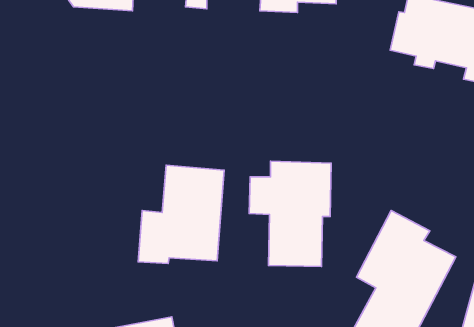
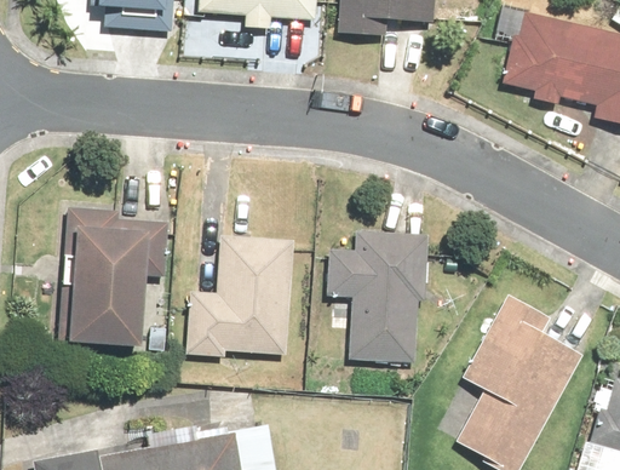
building: none -> [58,204,171,336]

